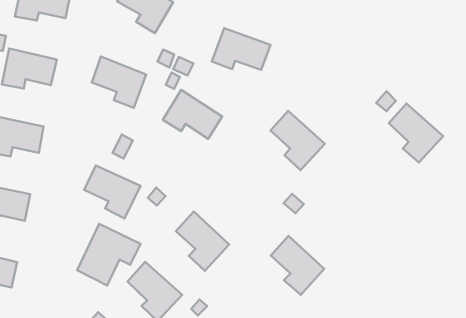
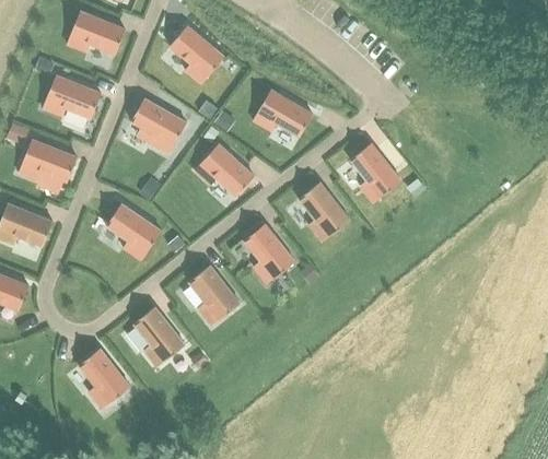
building: [389,103,443,163] -> [350,143,401,203]
building: [77,224,141,286] -> none
building: [271,236,324,295] -> [244,224,294,284]

